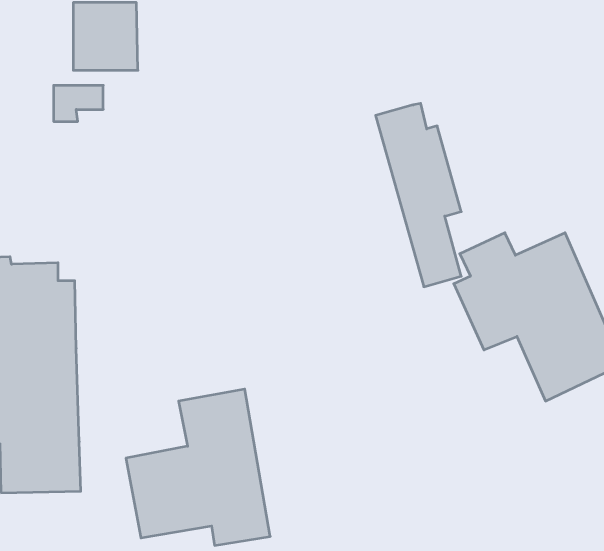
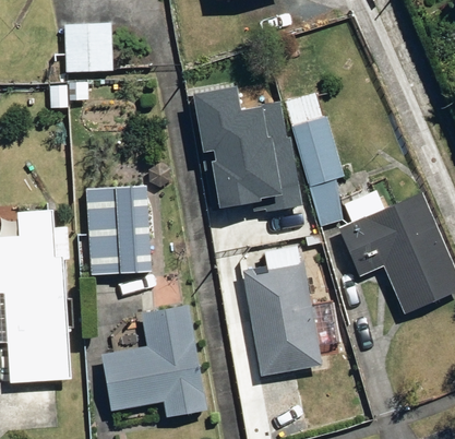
building: none -> [191,80,290,210]
building: none -> [83,193,145,281]
building: none -> [244,245,321,377]

